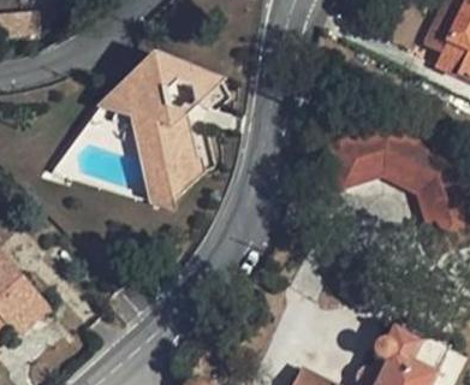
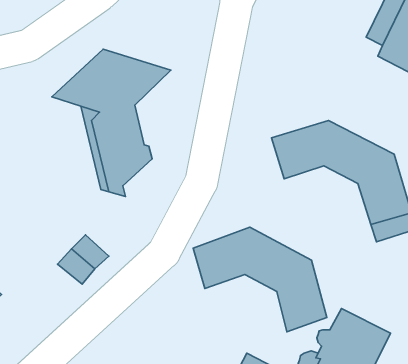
building: none -> [193,227,327,332]

